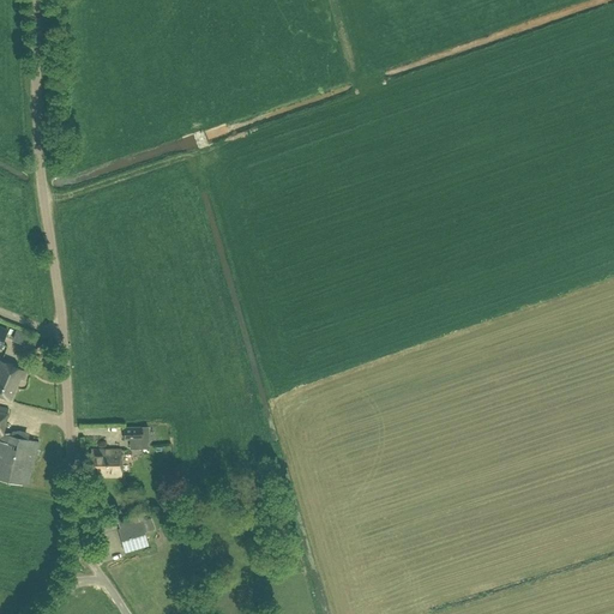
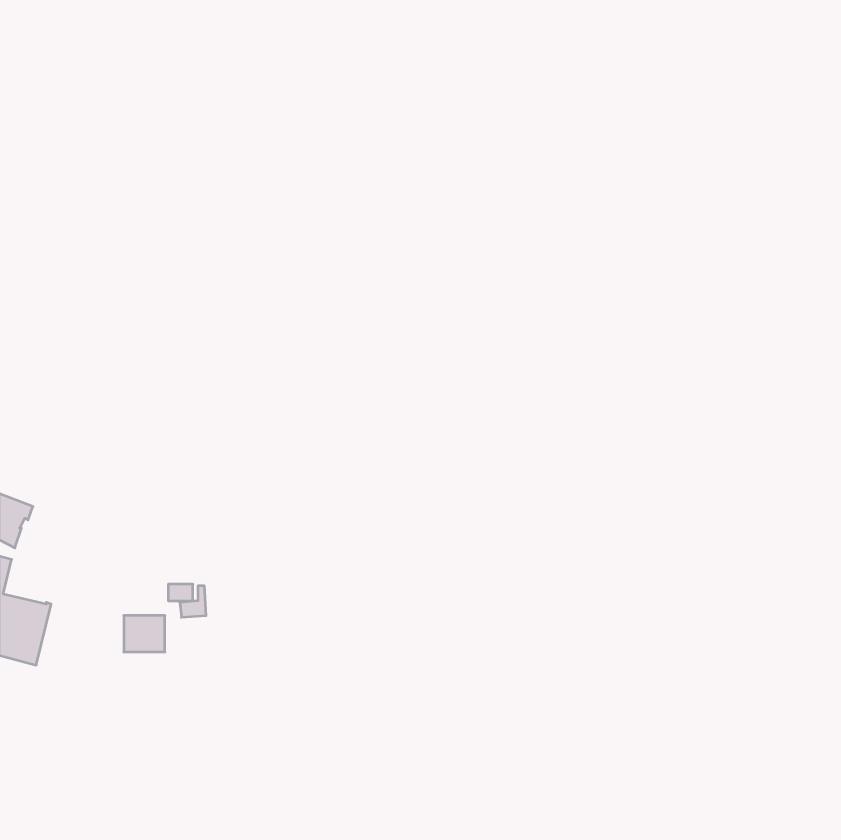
building: [116,520,146,548] -> none

